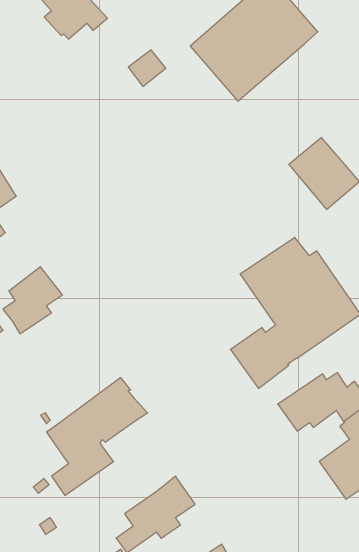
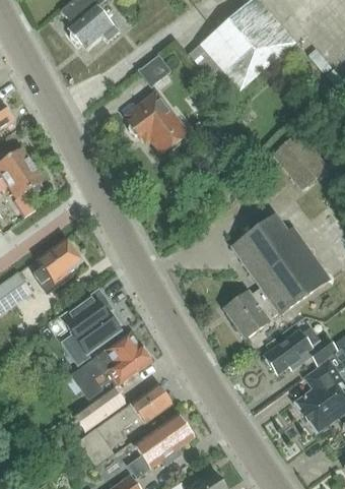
building: none -> [123,91,189,156]
building: none -> [60,289,121,353]
building: none -> [77,382,172,466]

